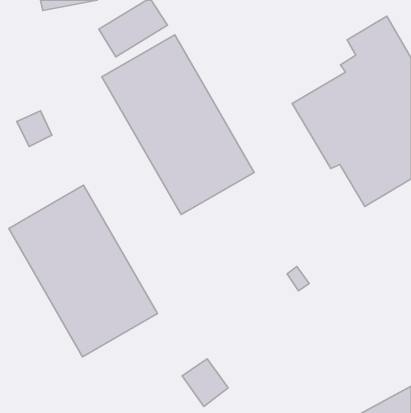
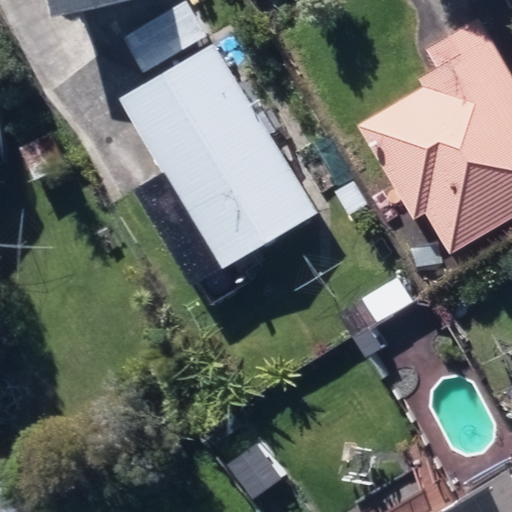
building: [9,185,157,357] -> none

